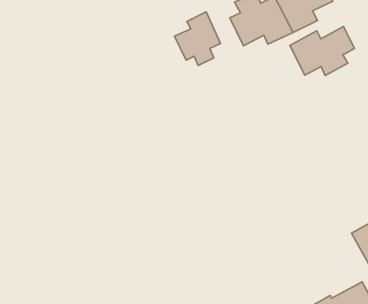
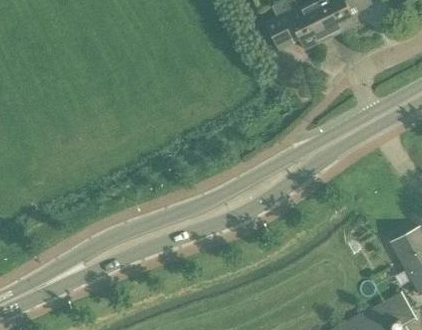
building: [174,12,220,66] -> none
building: [290,27,355,75] -> none

